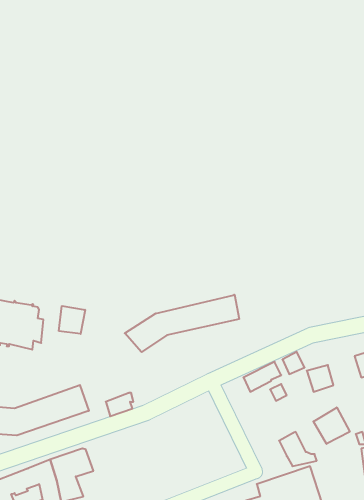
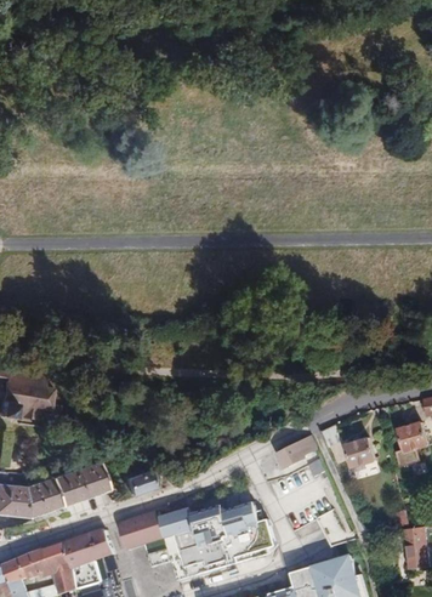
building: [125,295,239,352] -> none
building: [59,306,85,334] -> none
building: [313,407,350,444] -> none
building: none -> [118,499,274,580]

